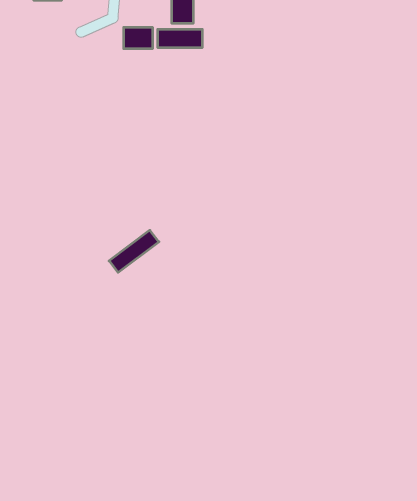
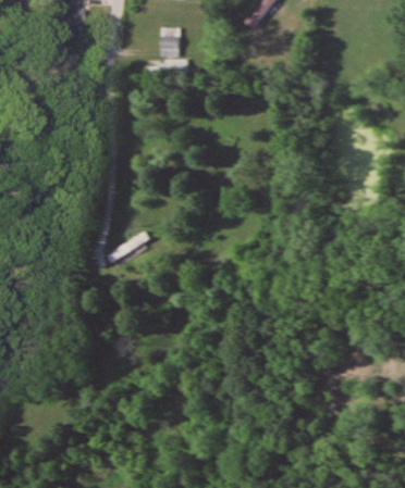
building: [124,27,152,49] -> none

